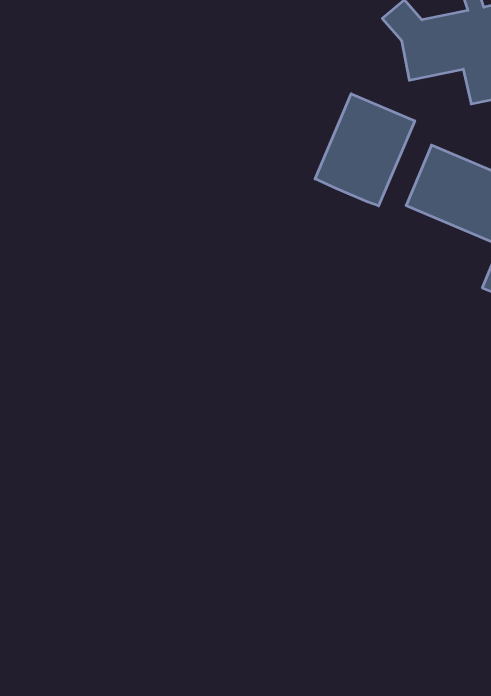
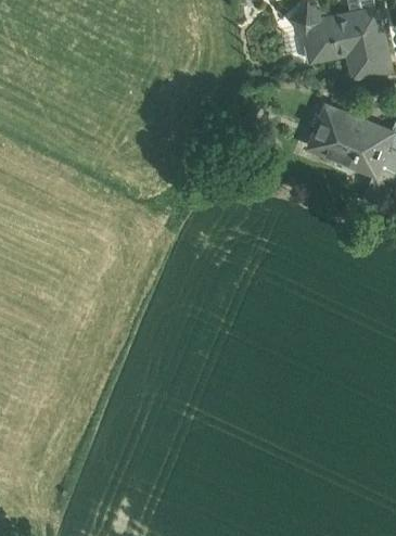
building: [315,94,415,206] -> none

